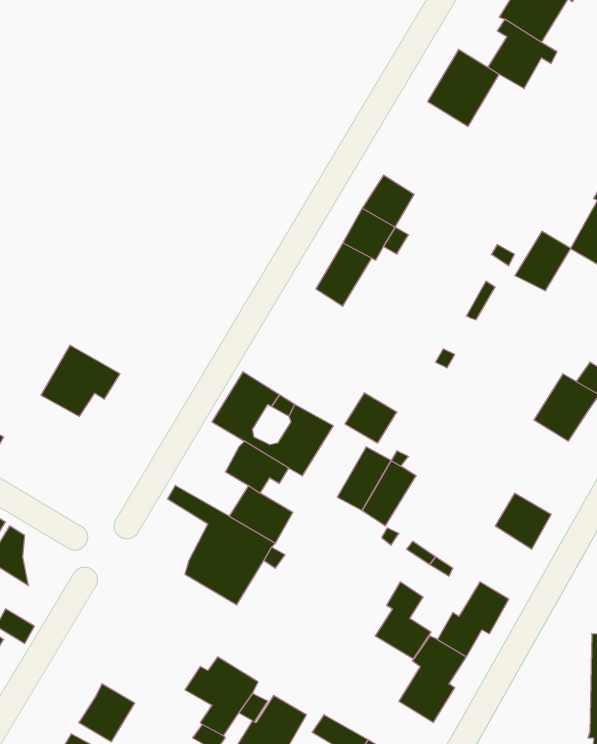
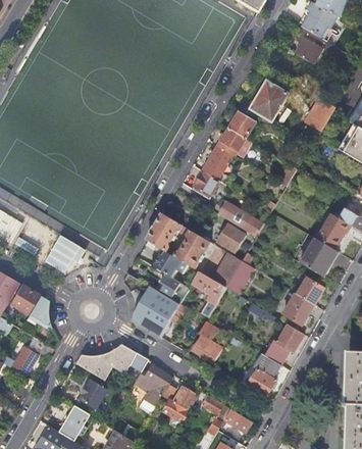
building: [428,49,499,126] -> [248,80,286,120]
building: [515,231,571,291] -> [304,98,333,130]
building: none -> [193,169,220,199]
building: [41,345,120,416] -> [42,235,84,272]
building: none -> [223,204,265,237]
building: none -> [292,233,337,276]
building: none -> [193,271,226,303]
building: none -> [282,294,316,329]
building: [375,582,431,659] -> [192,321,221,362]
building: none -> [74,343,135,379]

